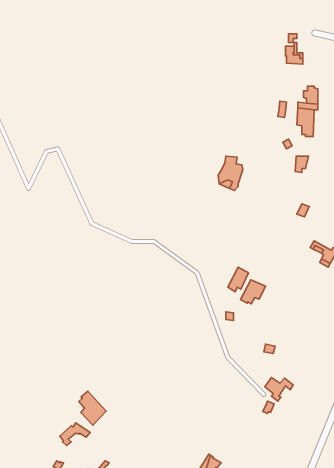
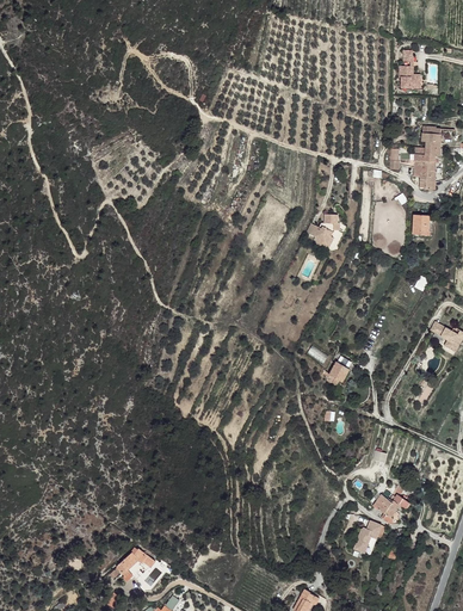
building: [241,280,266,304] -> none
building: [79,391,106,425] -> none

